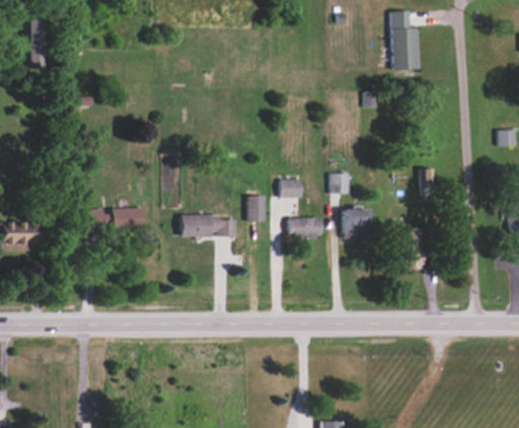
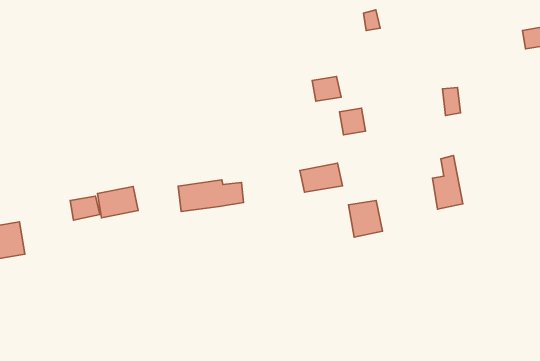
building: [280,180,302,198] -> [312,76,341,101]
building: [247,196,266,222] -> none
building: [344,210,369,238] -> [349,200,383,237]

